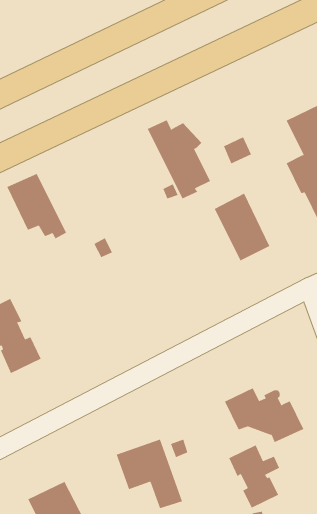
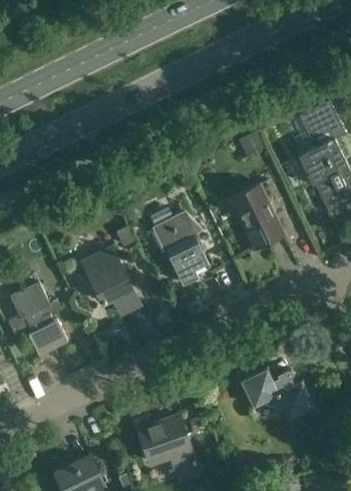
building: [147,119,211,199] -> [149,208,210,284]
building: [6,173,67,239] -> [82,249,139,311]
building: [228,445,280,508] -> none

